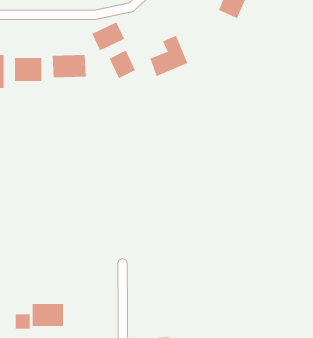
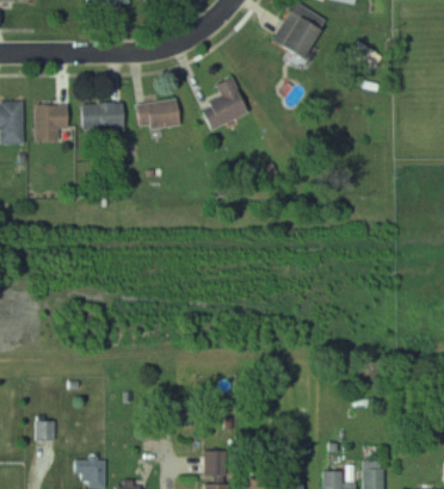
building: [91,22,125,51] -> none
building: [32,303,64,327] -> none

